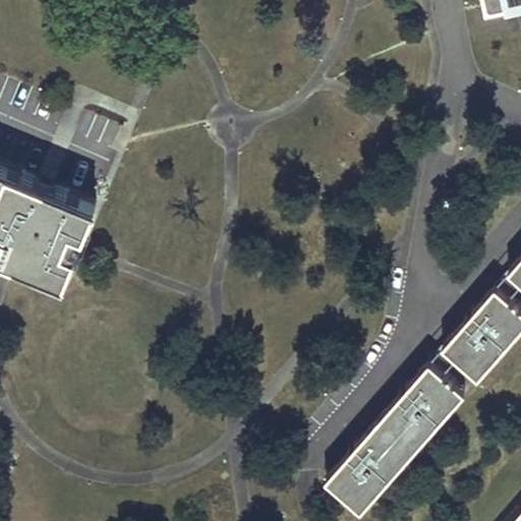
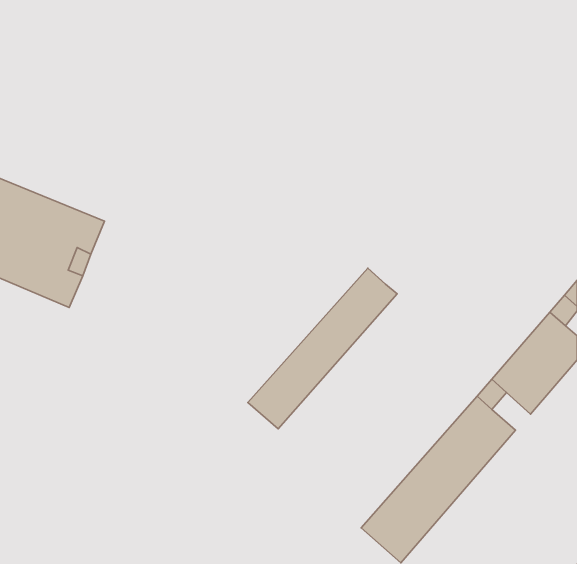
building: none -> [248,268,397,429]

